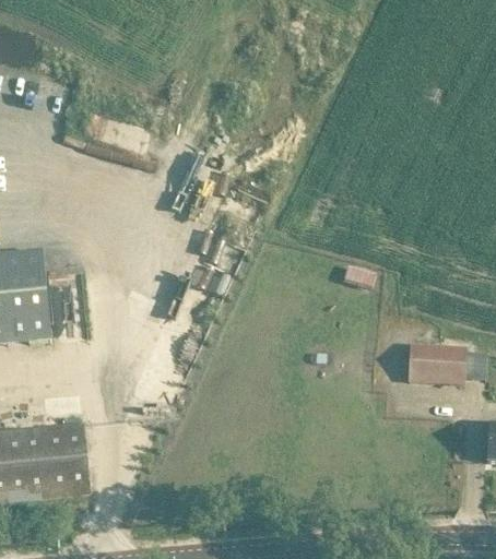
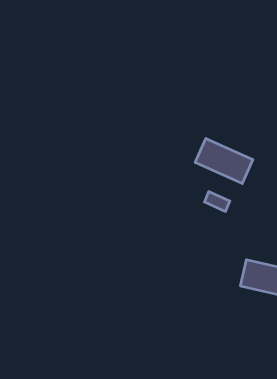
building: none -> [195,138,253,184]

